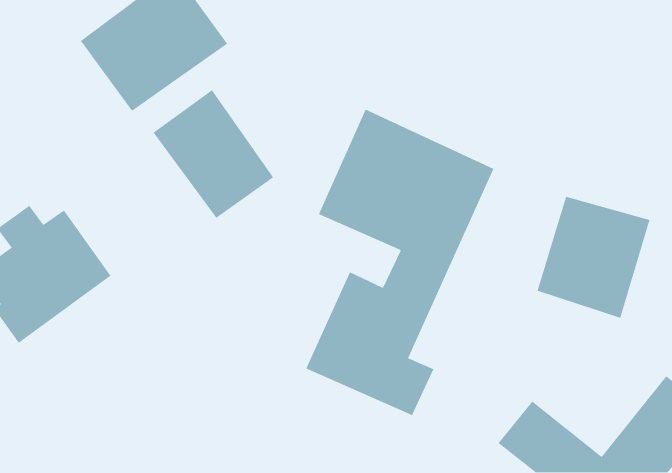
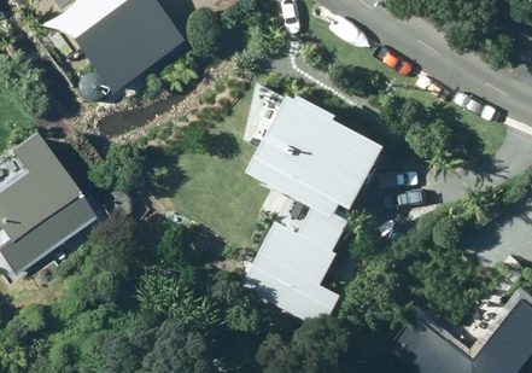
building: [152,89,274,219] -> none
building: [537,196,651,319] -> none

